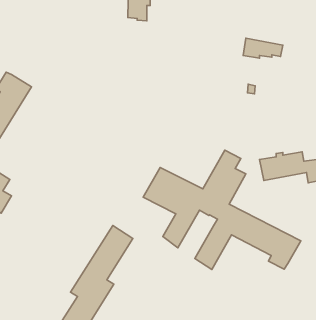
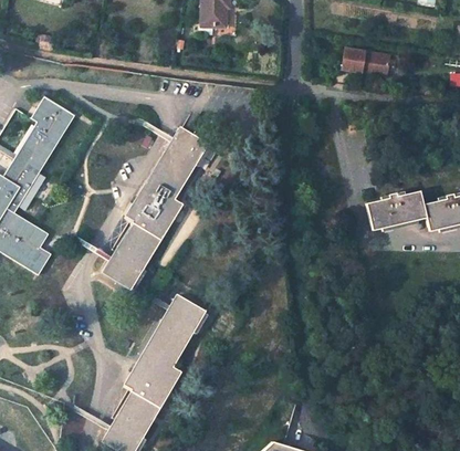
building: none -> [105,124,210,282]
building: [143,150,301,269] -> none

